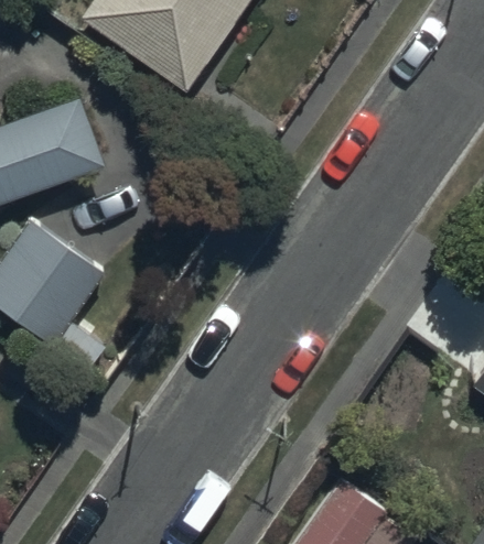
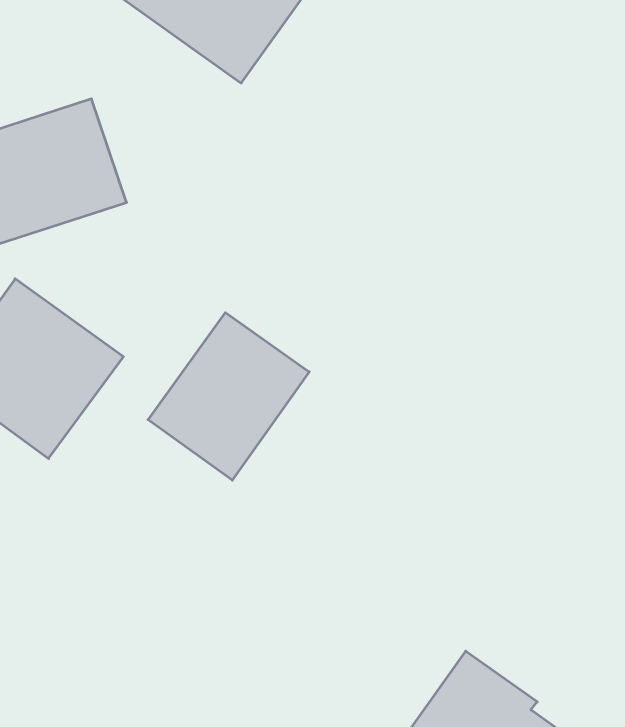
building: none -> [148,313,309,480]

